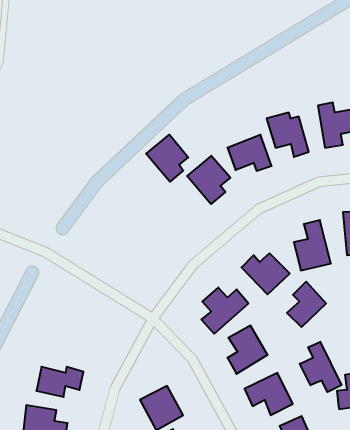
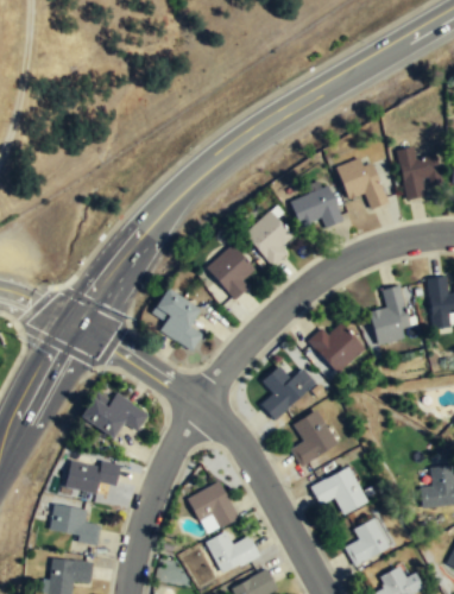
building: [146,135,188,182] -> [206,244,256,299]
building: none -> [153,287,204,349]
building: [287,282,326,327] -> none
building: none -> [82,391,150,436]
building: [300,342,341,392] -> none

